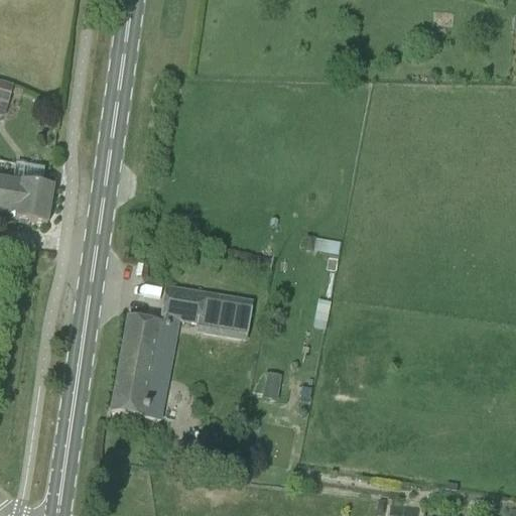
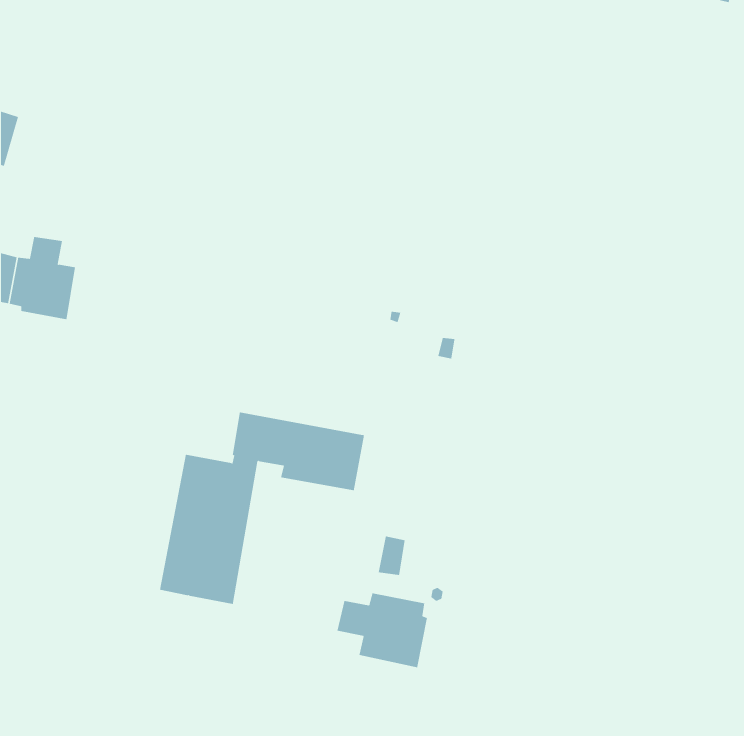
building: none -> [337,592,428,668]

